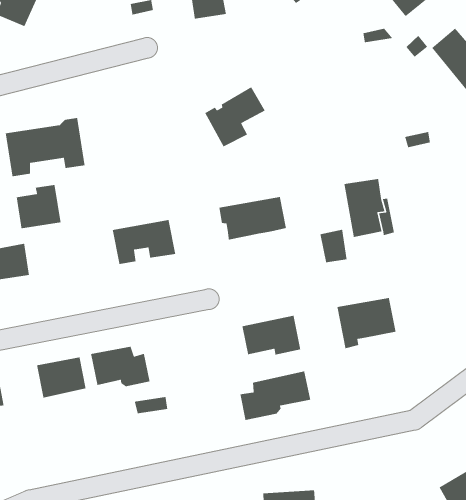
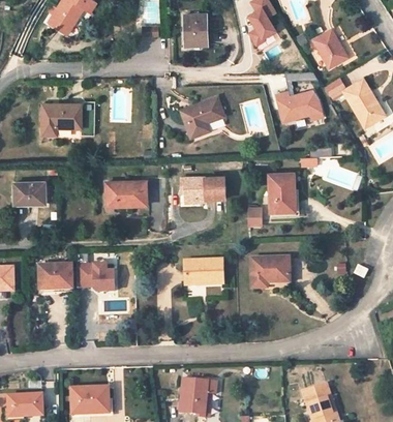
building: none -> [275,91,323,122]
building: [16,184,62,229] -> none
building: [239,371,311,421] -> none

